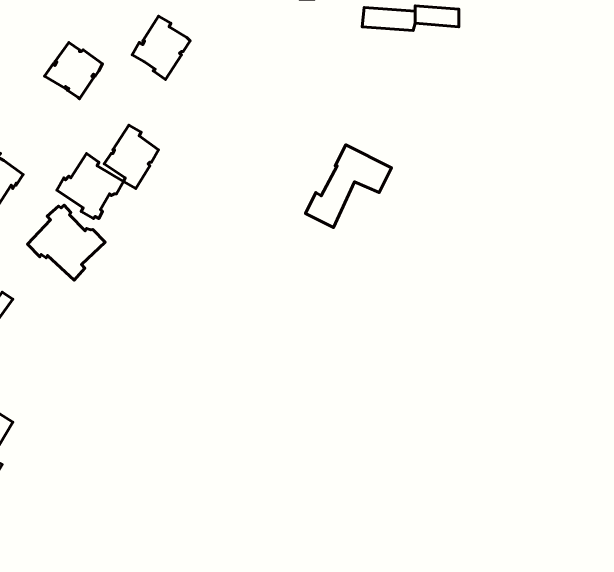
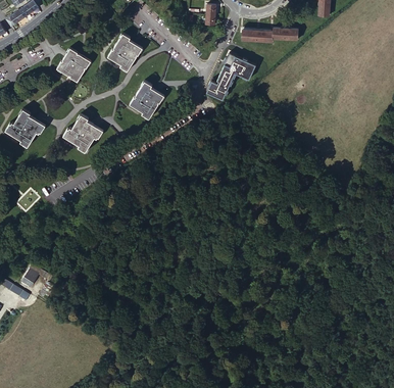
building: [104,125,159,189] -> [130,82,161,118]
building: [305,145,392,227] -> [204,52,254,100]
building: [27,205,105,280] -> none

